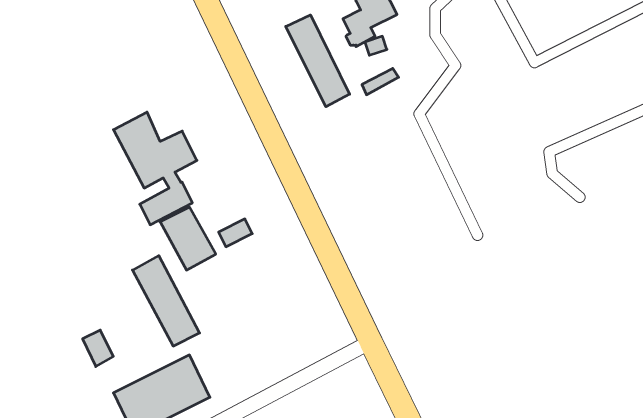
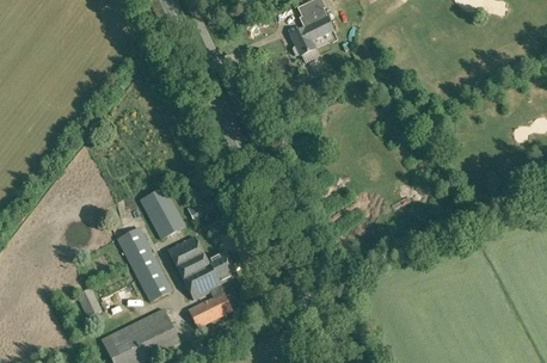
building: [286,15,350,107] -> none
building: [113,112,197,225] -> [167,235,235,327]

